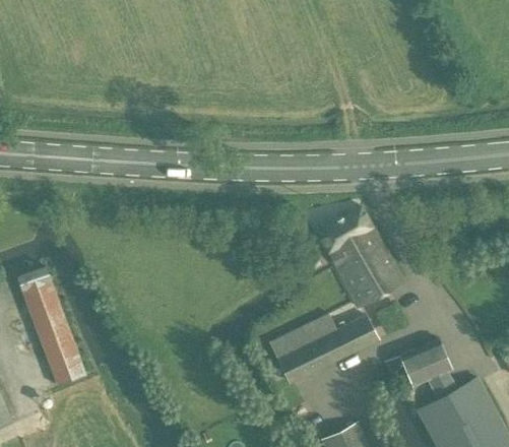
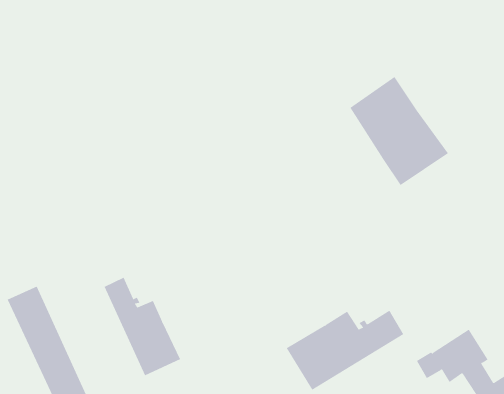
building: [318,205,405,306] -> [349,76,449,186]
building: none -> [104,277,181,376]

